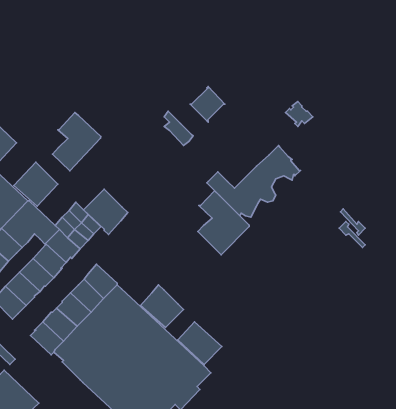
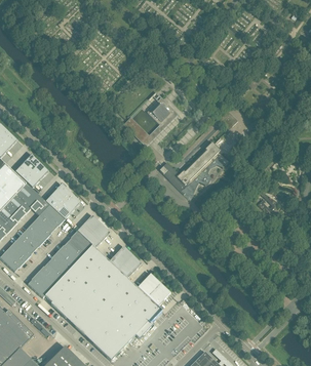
building: [52,112,101,171] -> none
building: [84,189,128,235] -> [77,215,110,249]
building: [198,191,249,255] -> none

